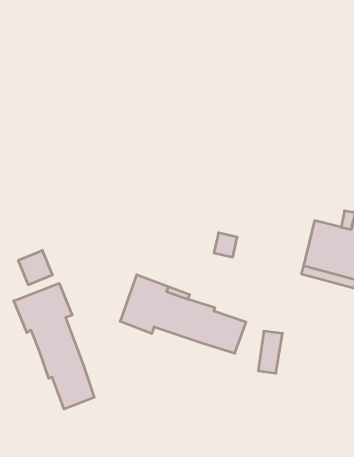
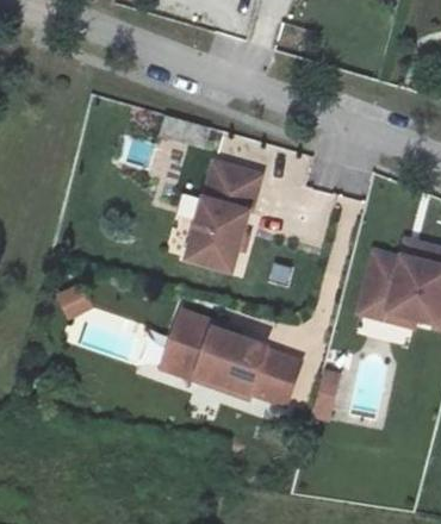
building: none -> [187,160,261,269]
building: [14,283,94,409] -> none

